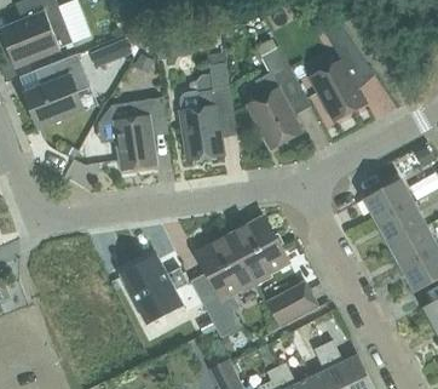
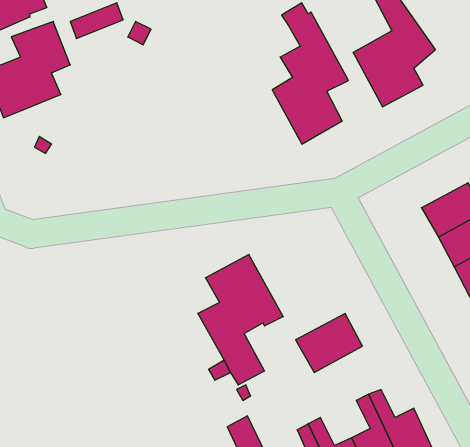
building: [179,52,231,160] -> none
building: [114,97,167,170] -> none
building: [229,216,288,284] -> none
building: [119,253,186,325] -> none

